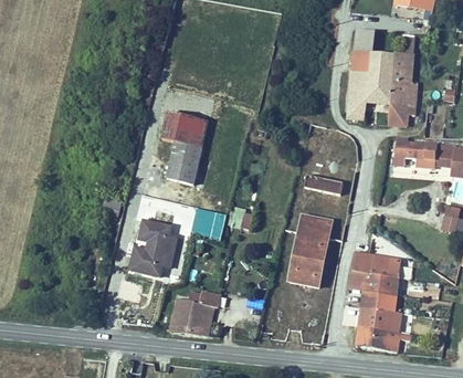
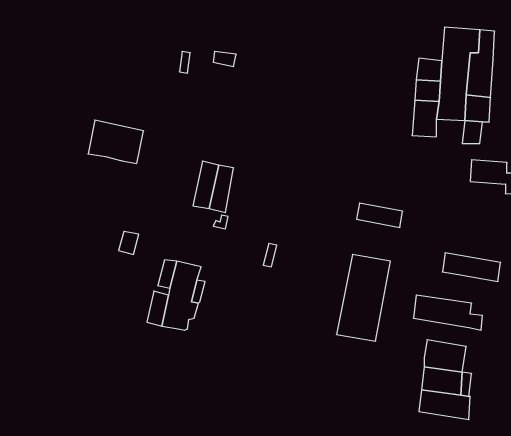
building: [355,30,376,59] -> none
building: [164,111,209,146] -> [88,120,144,163]
building: [348,269,396,292] -> [442,253,501,281]
building: [167,292,211,337] -> none

